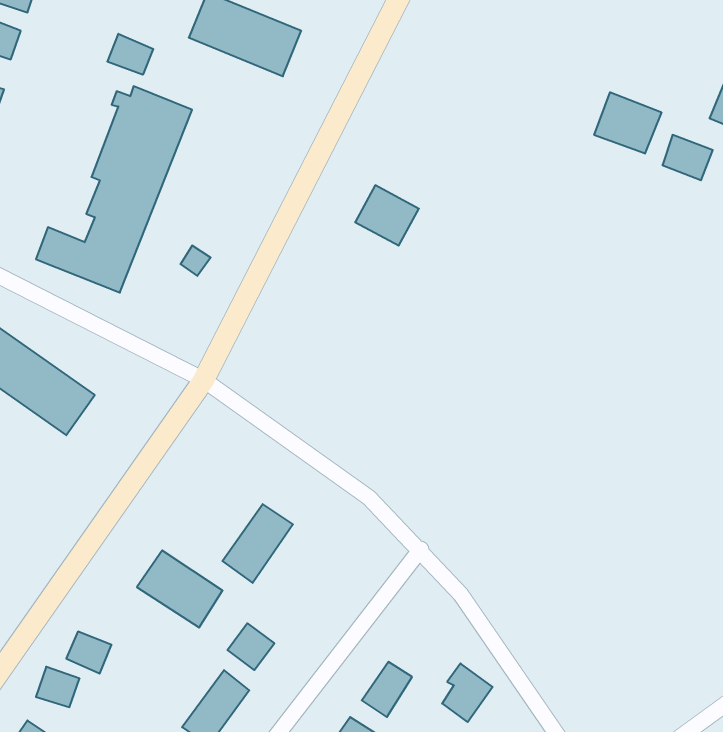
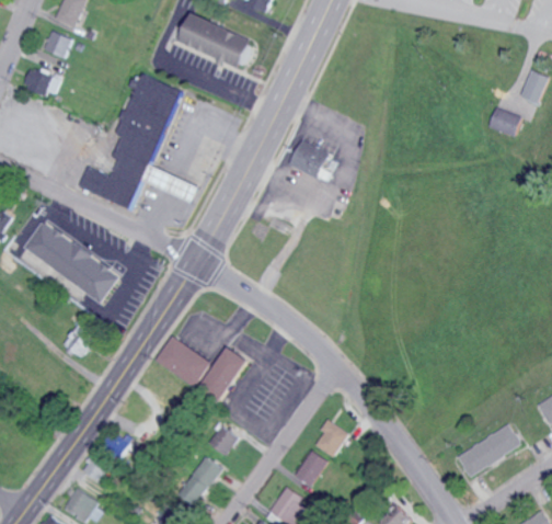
building: [107,34,153,75] -> none
building: [594,92,661,154] -> none
building: [137,550,223,628] -> [156,335,211,386]
building: none -> [457,424,521,477]
building: [442,663,493,722] -> [314,419,347,457]

